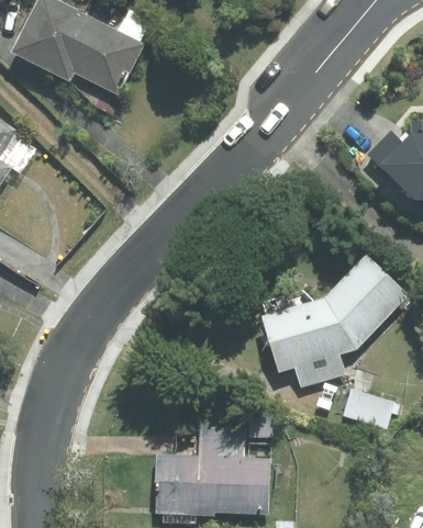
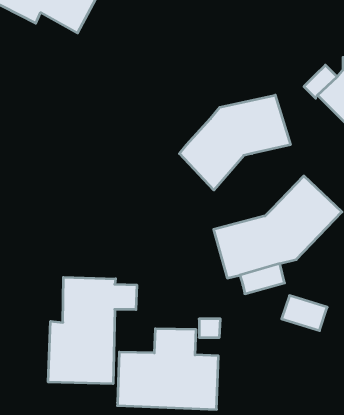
building: none -> [179,95,290,190]
building: none -> [48,277,137,384]

